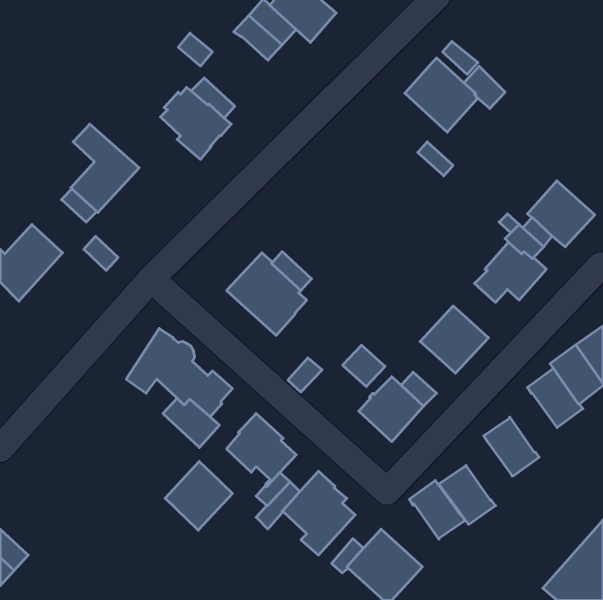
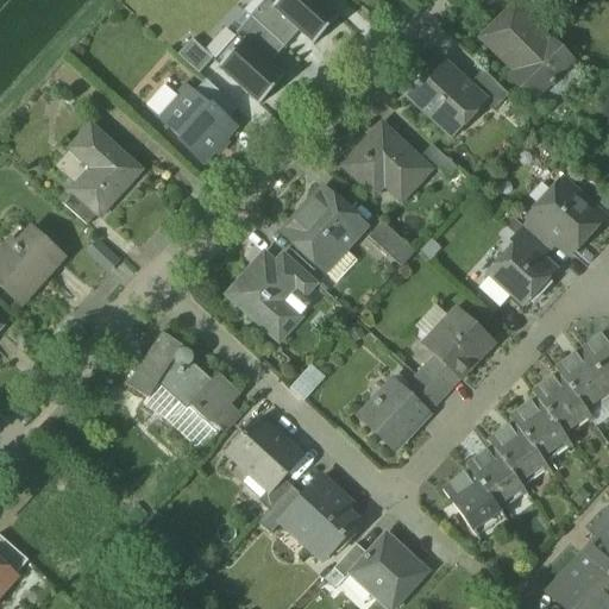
building: none -> [484,6,570,96]
building: none -> [218,37,285,103]
building: none -> [343,123,429,199]
building: none -> [281,186,365,270]
building: none -> [369,220,415,265]
building: [343,345,385,387] -> [416,354,459,396]
building: none -> [509,396,566,456]
building: [165,461,232,530] -> none
building: [409,480,465,539] -> [465,445,521,504]

